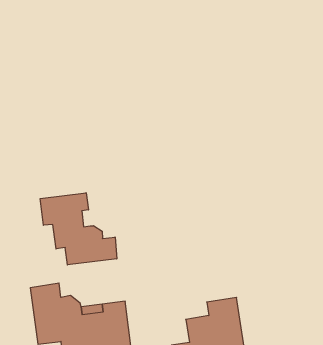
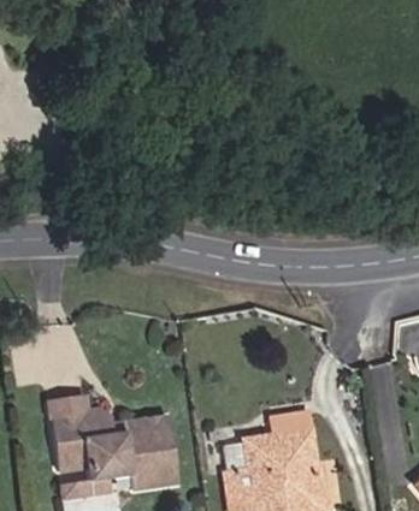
building: [40,193,117,265] -> none

